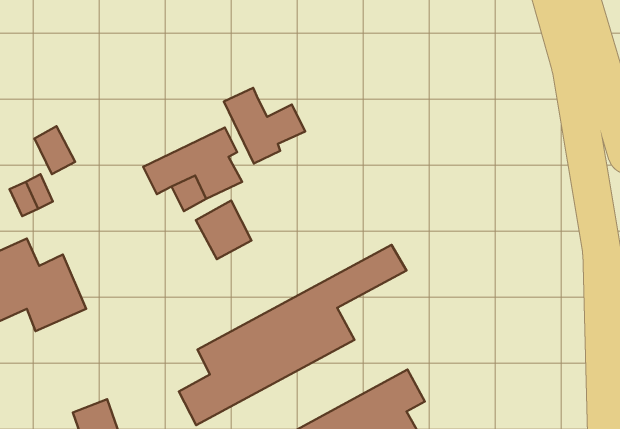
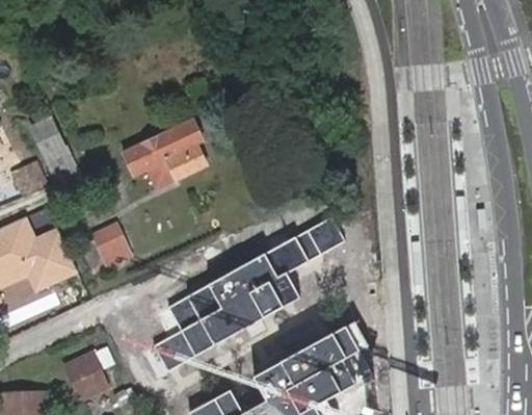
building: [224,88,305,163] -> none
building: [196,200,251,259] -> none
building: none -> [81,225,131,275]

